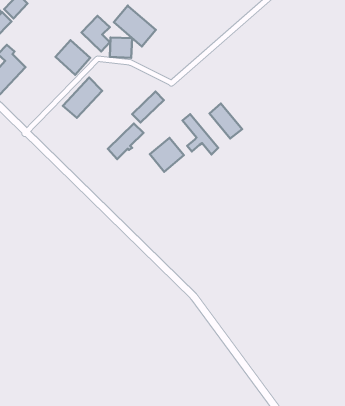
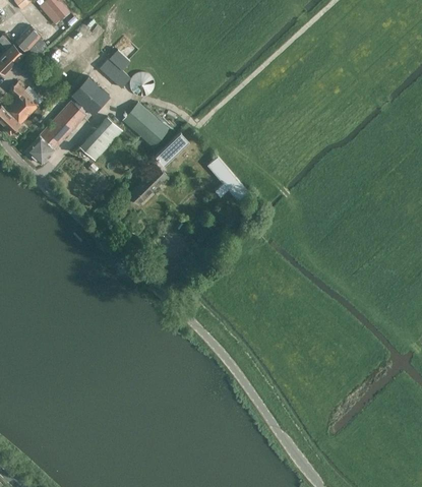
building: [114,5,156,47] -> [123,102,169,146]
building: none -> [26,100,86,164]
building: [210,103,242,138] -> none
building: [150,138,184,172] -> none

